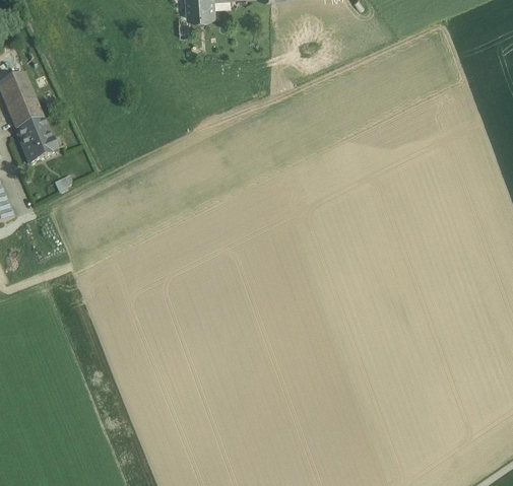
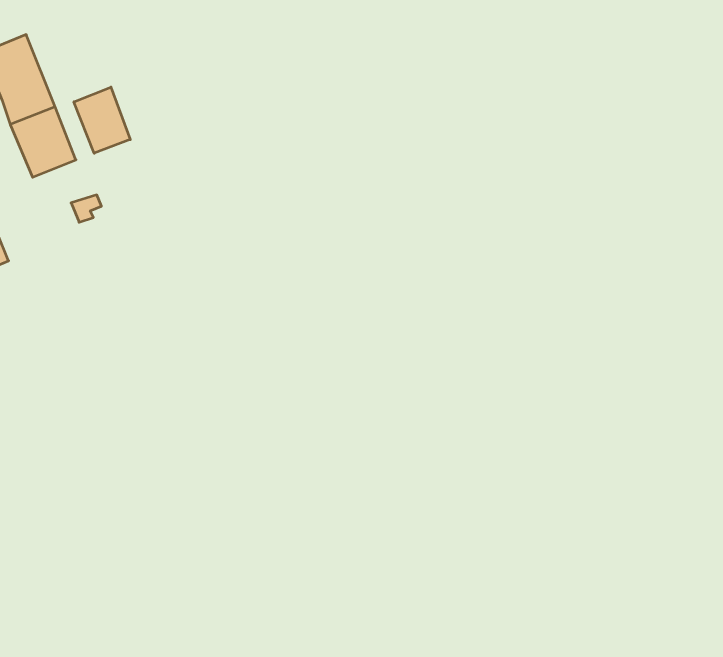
building: none -> [74,87,130,153]

